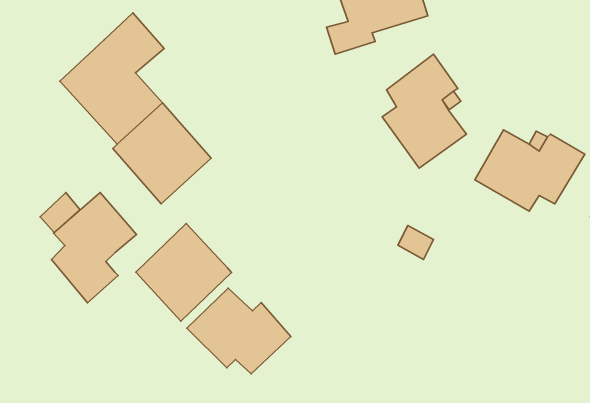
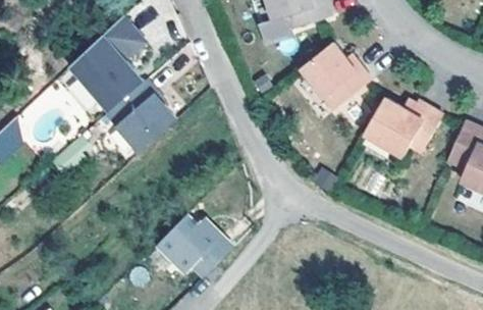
building: [51,192,137,303] -> none
building: [136,223,231,321] -> none

